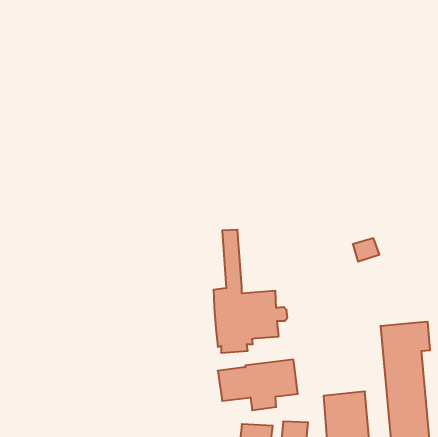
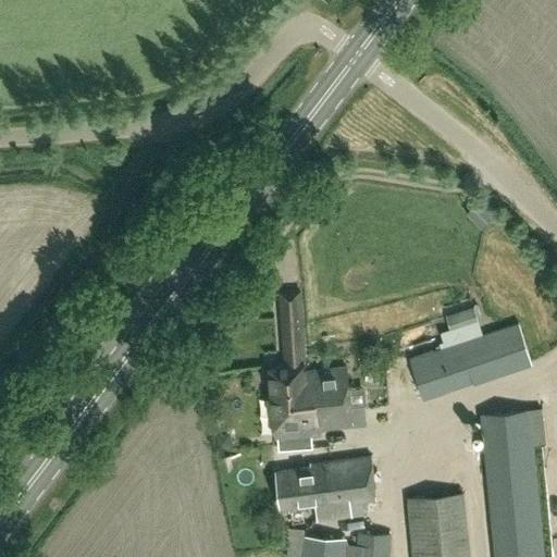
building: none -> [410,326,531,400]

